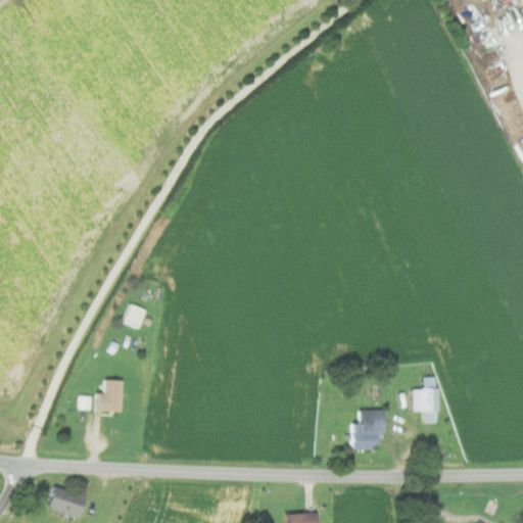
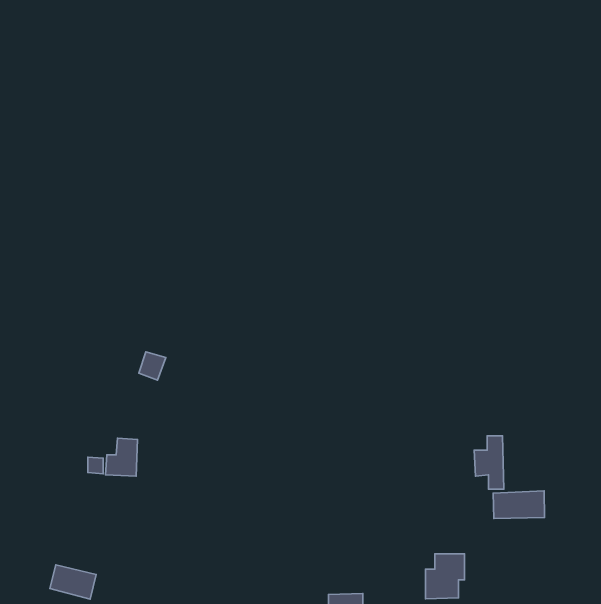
building: [352,410,386,448] -> [425,554,464,599]
building: none -> [493,491,545,519]

